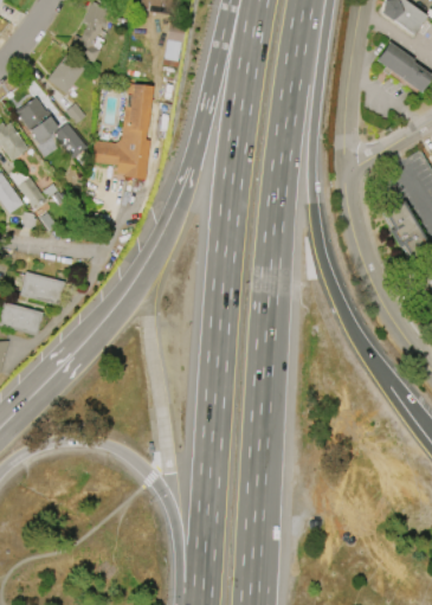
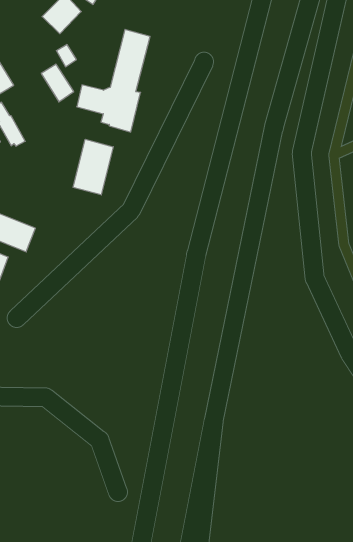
building: [15,97,57,144] -> none
building: none -> [73,139,113,195]

